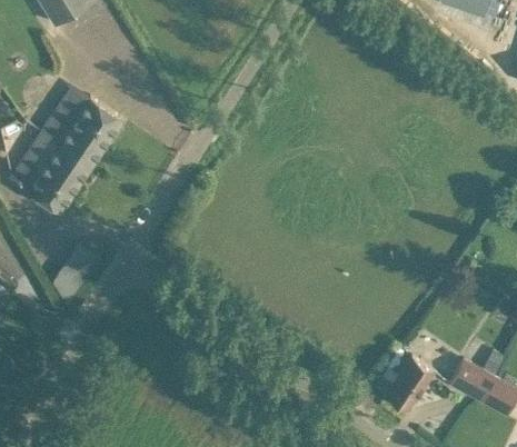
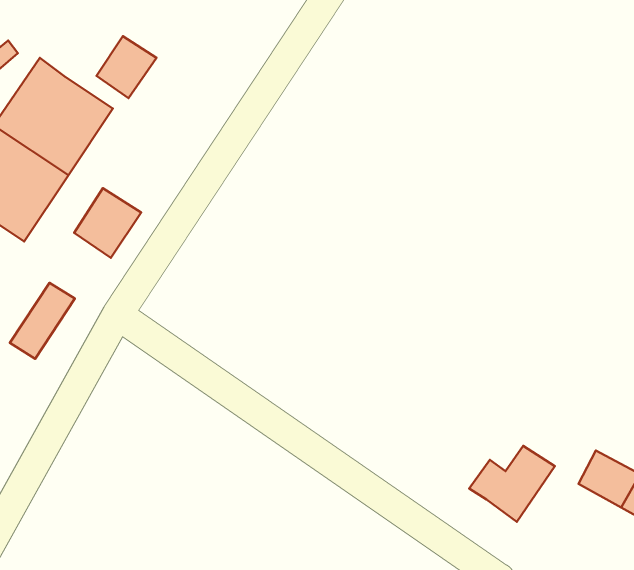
building: none -> [96,36,156,98]
building: none -> [74,188,141,258]

